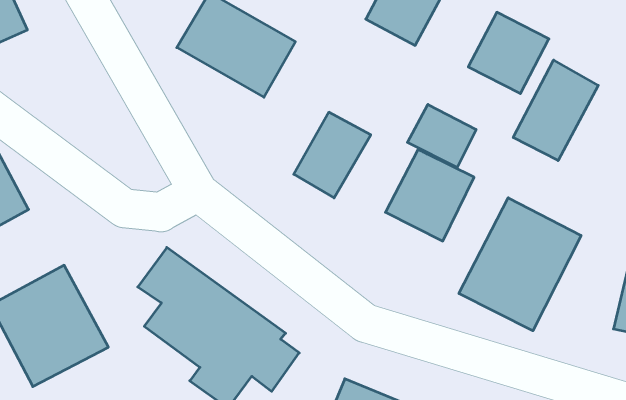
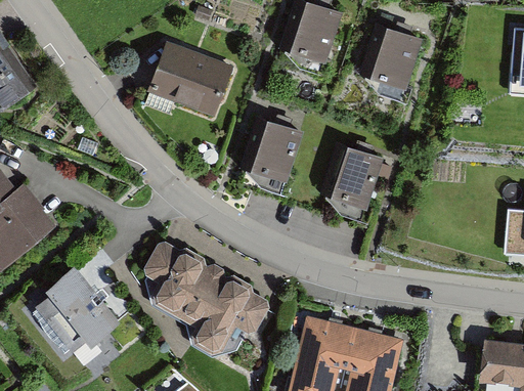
building: [513,60,598,161] -> none
building: [407,104,476,168] -> none
building: [459,198,581,331] -> none

